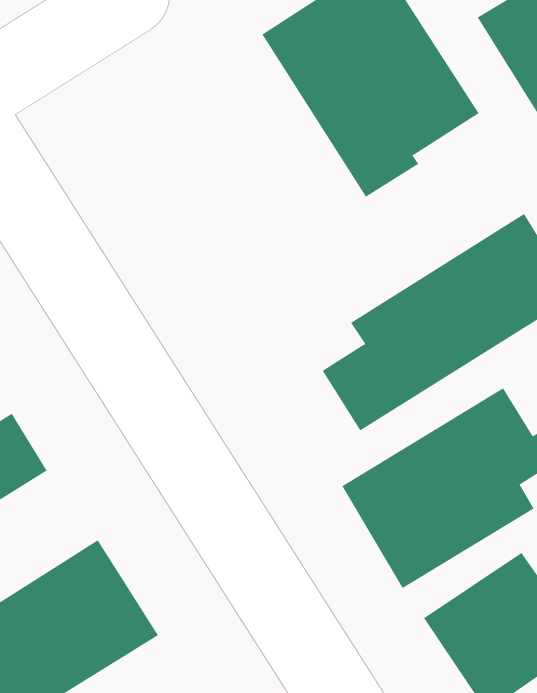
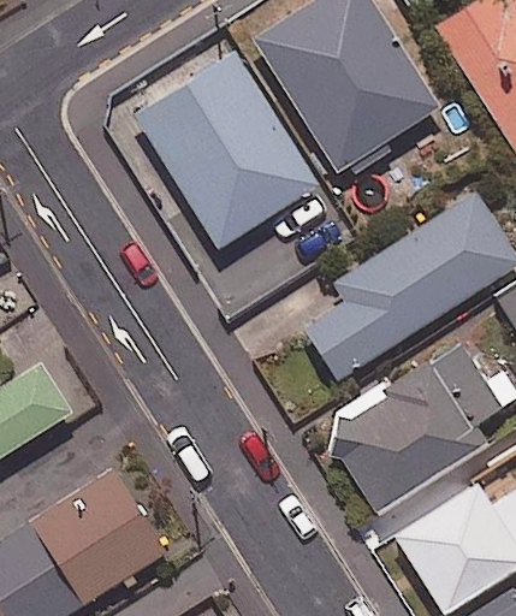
building: none -> [137,49,318,244]

